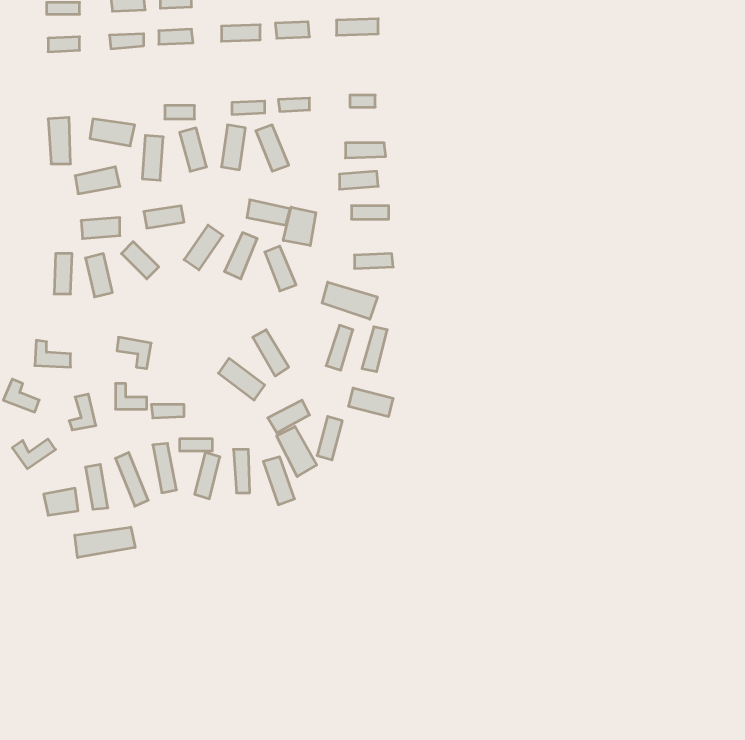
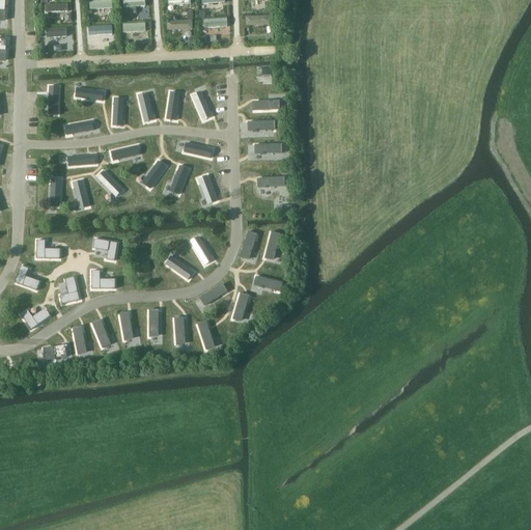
building: [283,207,316,246] -> none
building: [322,282,377,319] -> none
building: [277,426,317,477] -> none
building: [75,527,135,558] -> none

